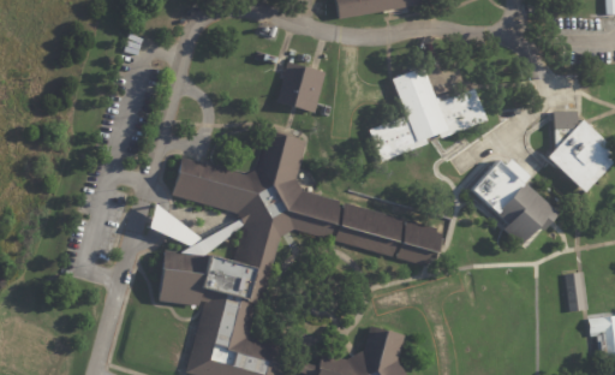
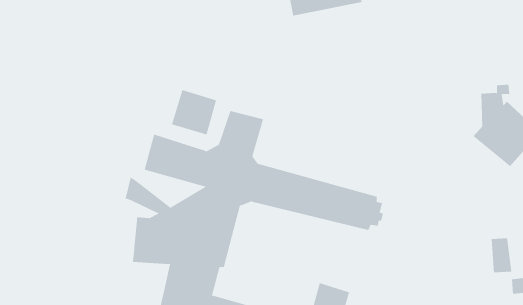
building: [273,58,324,109] -> [171,89,217,135]
building: [369,61,489,161] -> none
building: [471,159,557,248] -> none

